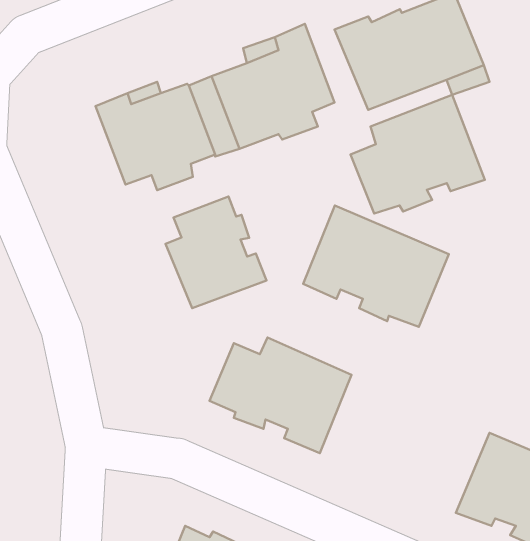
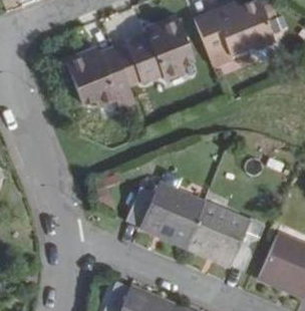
building: [350,95,485,214] -> none
building: [165,196,266,308] -> none
building: [303,206,449,327] -> [187,204,265,269]

